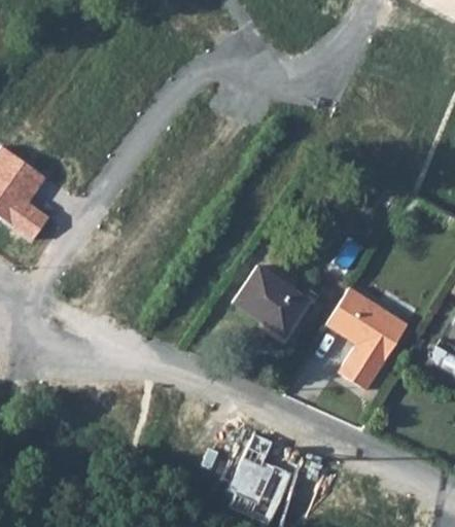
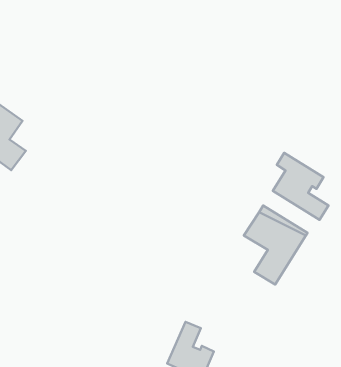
building: none -> [273,153,329,220]
building: [235,264,311,333] -> none

